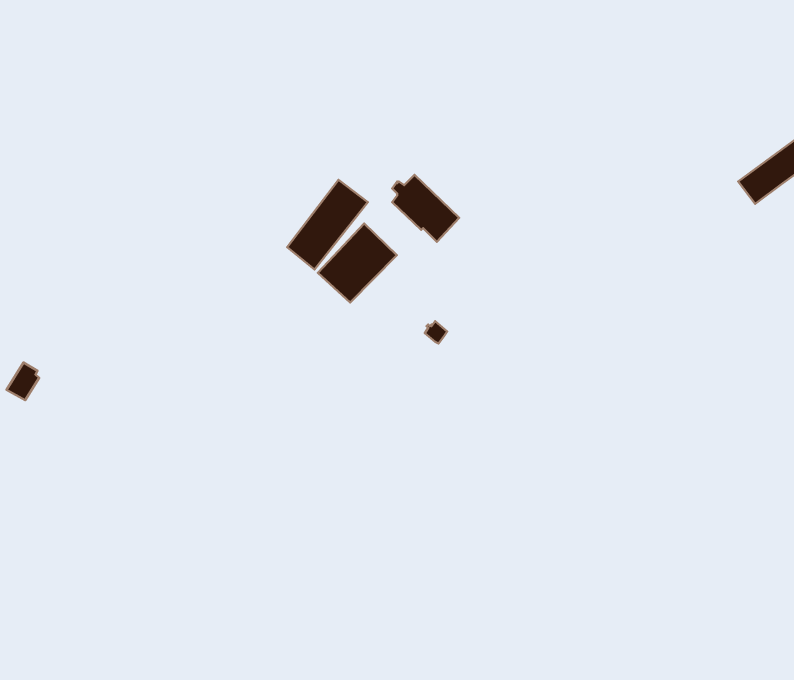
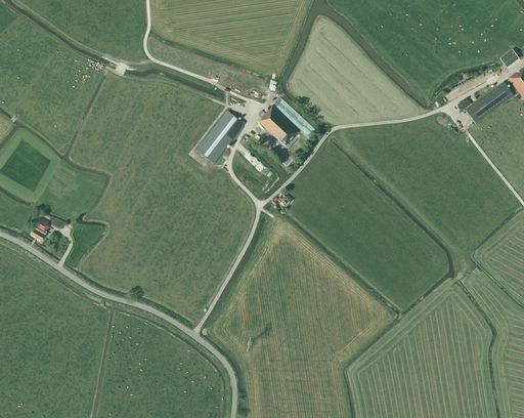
building: [318,224,397,302] -> none

